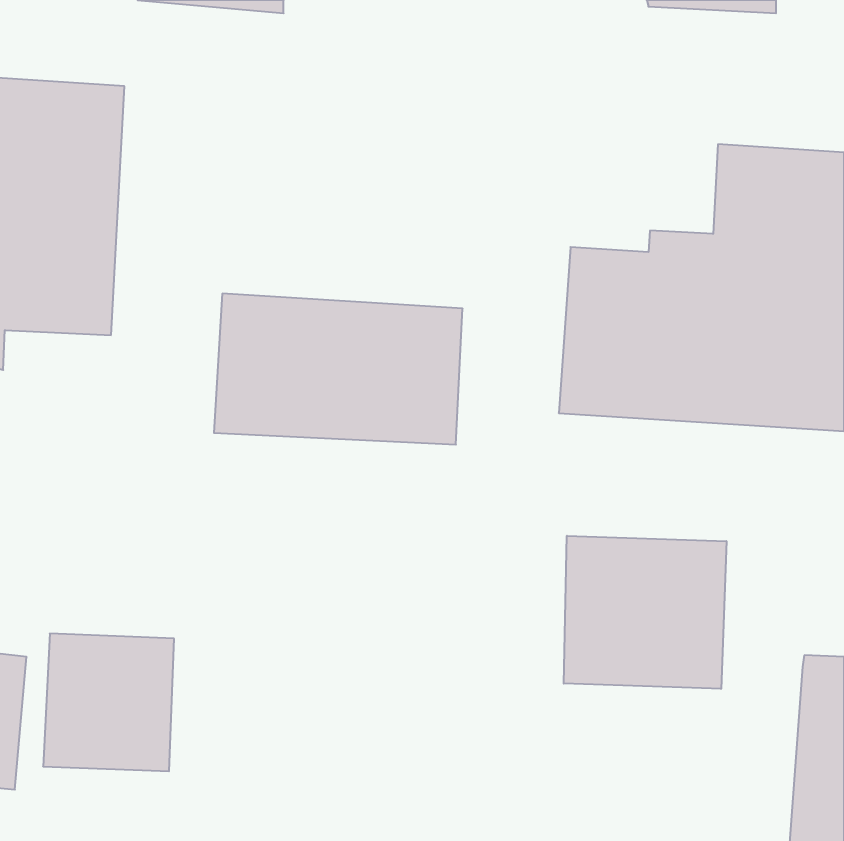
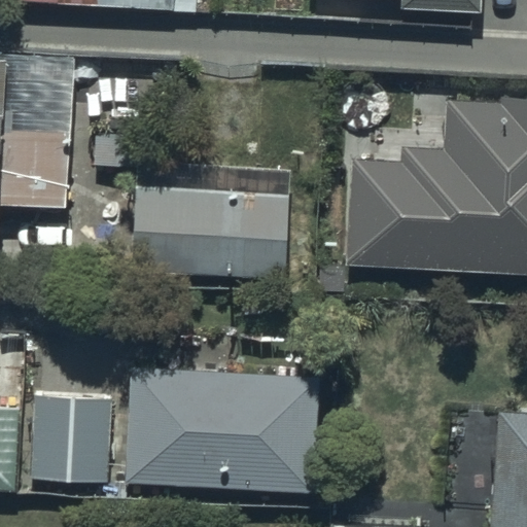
building: [564,536,726,689] -> none
building: none -> [132,368,317,488]

